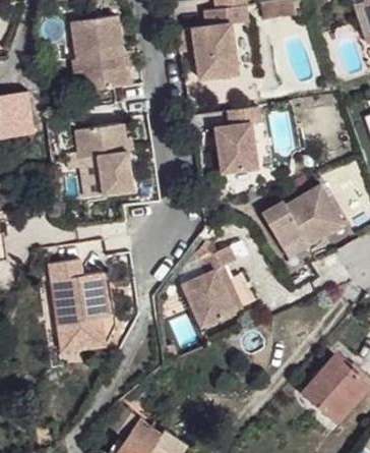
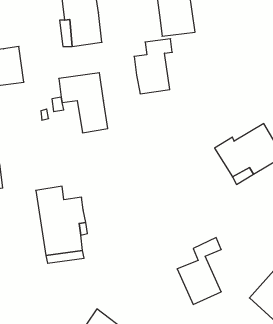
building: [215,106,261,172] -> [134,39,172,94]
building: [182,245,235,326] -> [177,238,221,304]

